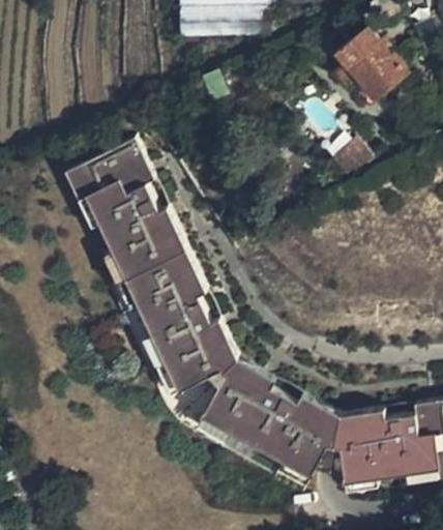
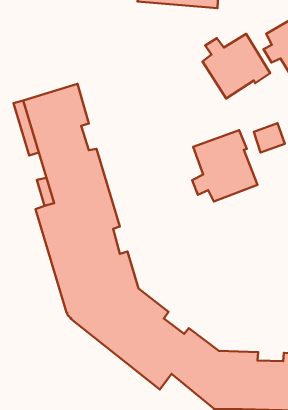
building: none -> [203,34,270,98]
building: none -> [192,130,258,202]

